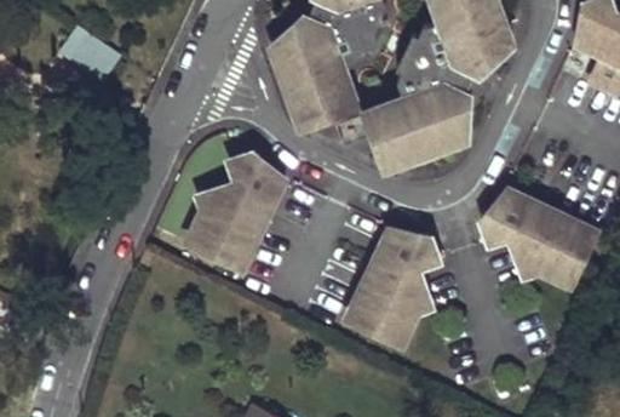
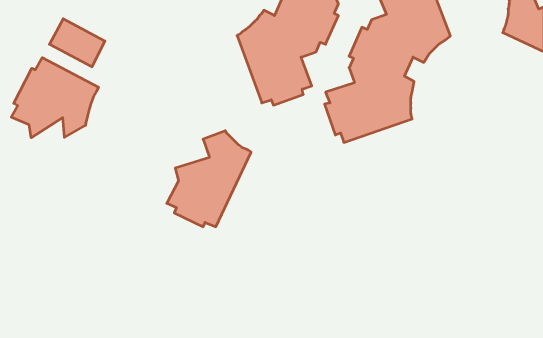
building: none -> [11,58,98,138]
building: [477,189,586,284] -> none
building: [351,228,437,341] -> none

